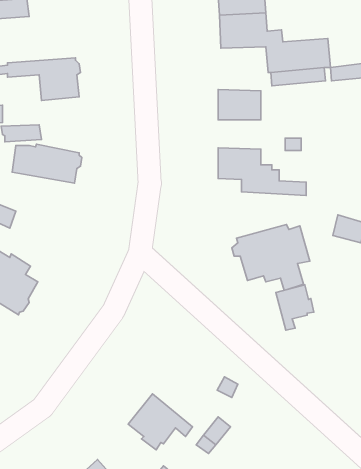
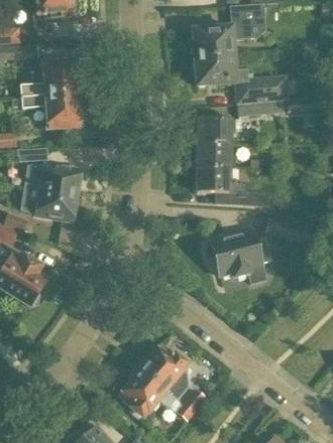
building: none -> [19,60,80,97]
building: none -> [195,144,230,168]
building: none -> [20,187,76,222]
building: [276,285,314,330] -> none
building: none -> [140,346,186,398]

